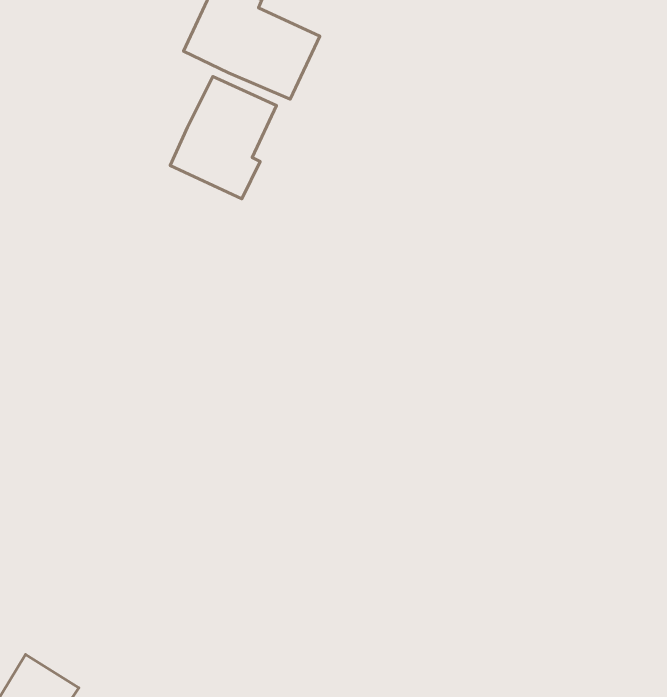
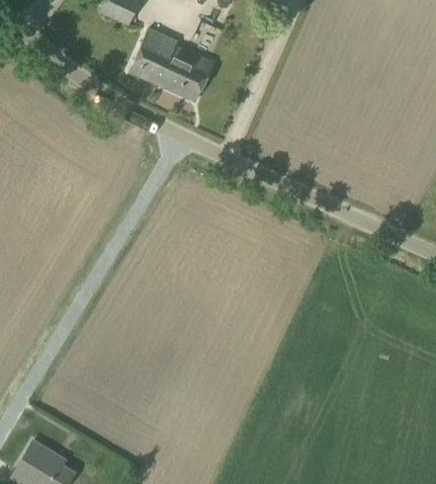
building: [170,77,277,199] -> none

